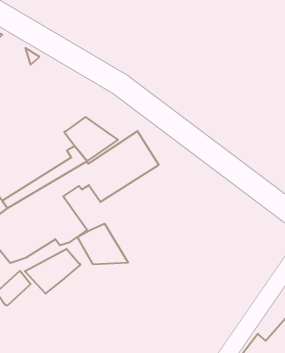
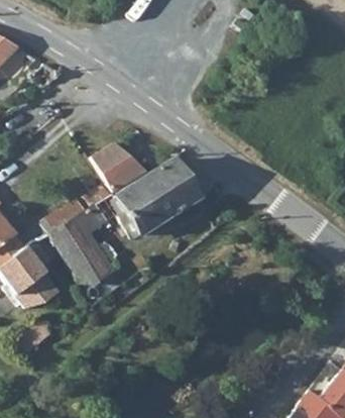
building: [77,224,128,264] -> none
building: [25,249,81,294] -> none

